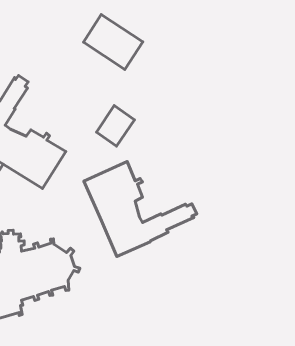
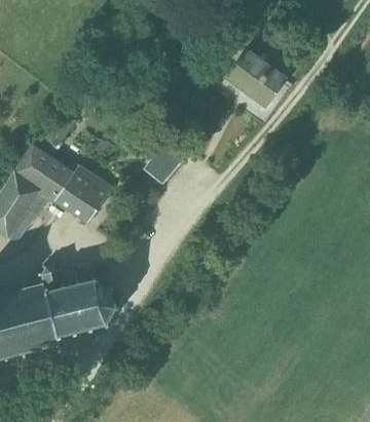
building: [83,15,143,70] -> [224,49,284,106]
building: [84,162,197,257] -> none

